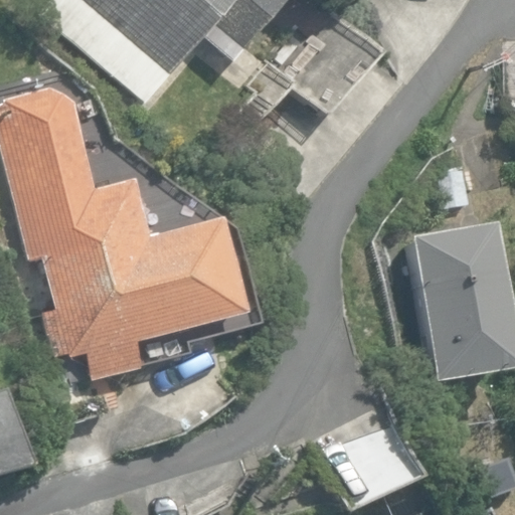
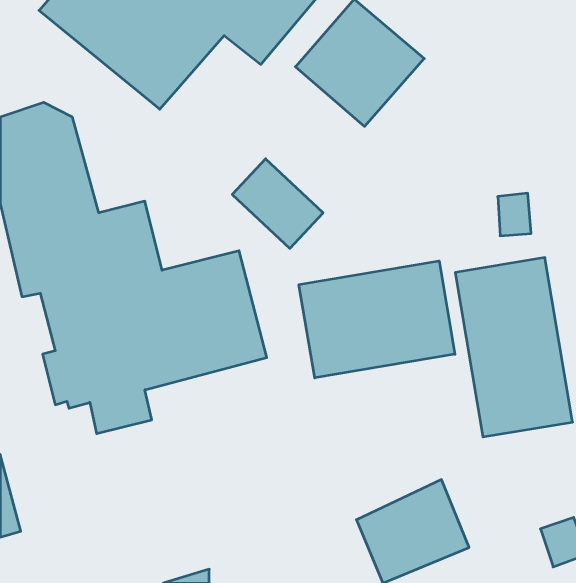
building: none -> [299,261,455,378]

